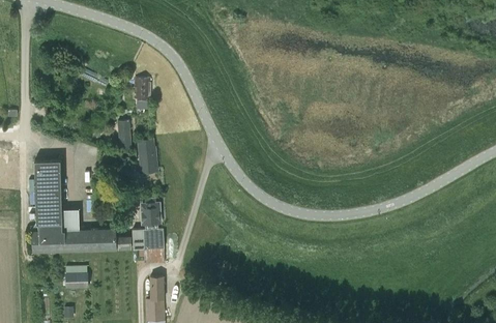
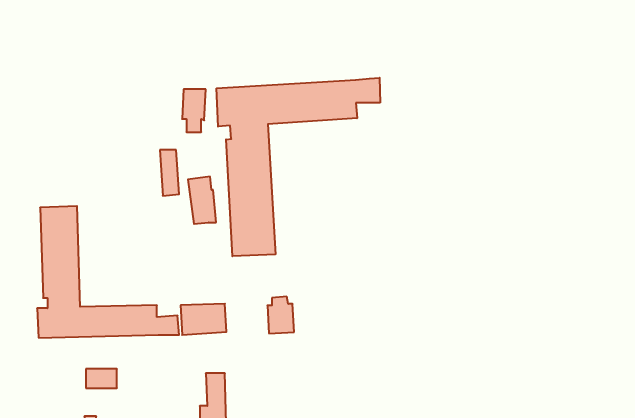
building: none -> [217,78,380,256]
building: [142,198,161,224] -> [267,297,294,333]

